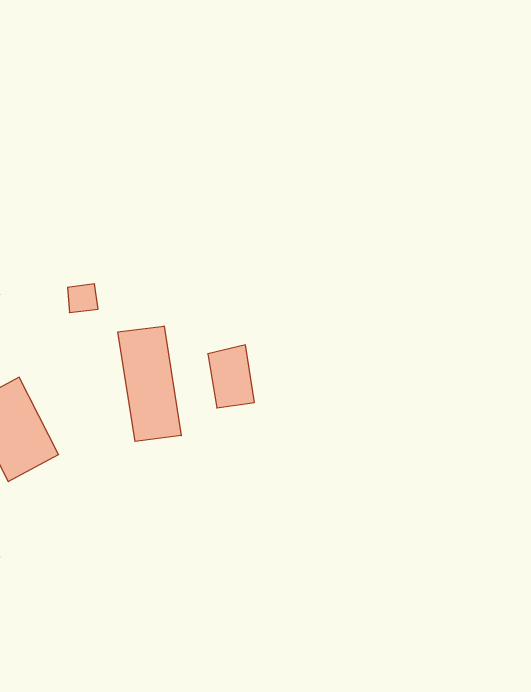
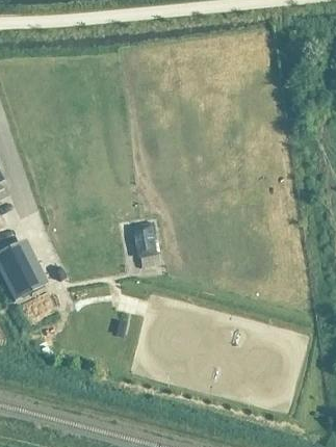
building: [118,326,181,441] -> none

